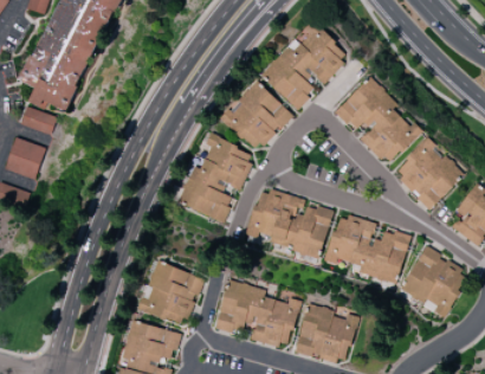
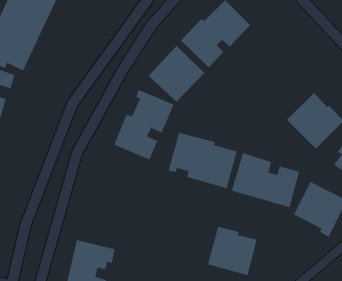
building: [335,77,423,166] -> none
building: [138,260,205,325] -> none
building: [216,281,300,348] -> none

